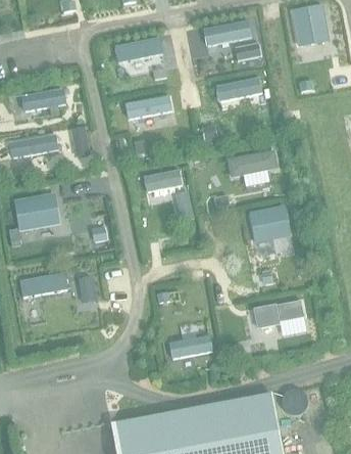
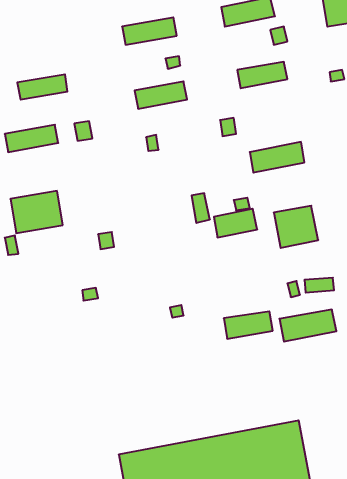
building: [143,169,182,194] -> [214,209,257,237]
building: [19,272,67,297] -> none
building: [168,334,212,359] -> [224,311,273,339]

